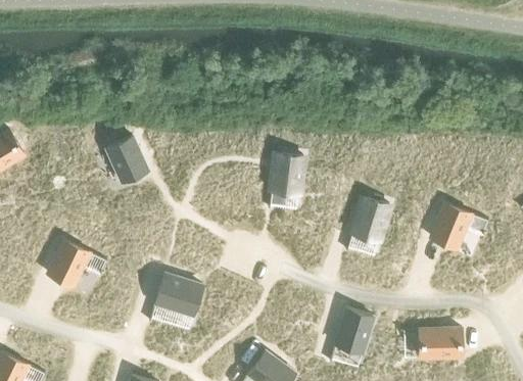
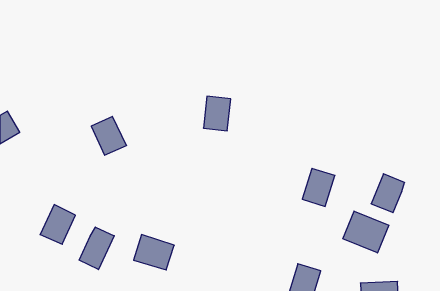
building: [272,154,303,194] -> [203,96,231,131]
building: none -> [343,211,389,253]
building: none -> [79,227,114,270]

